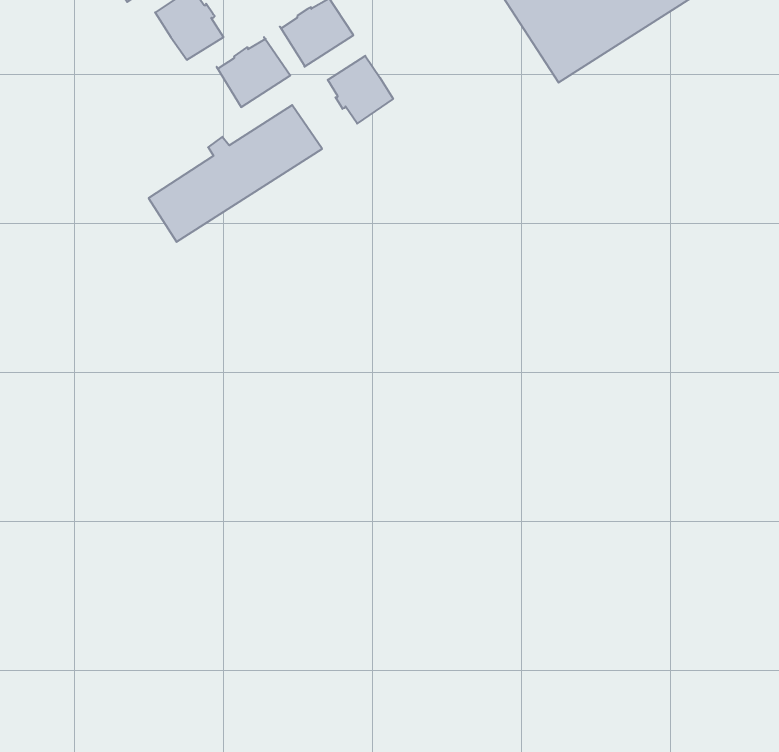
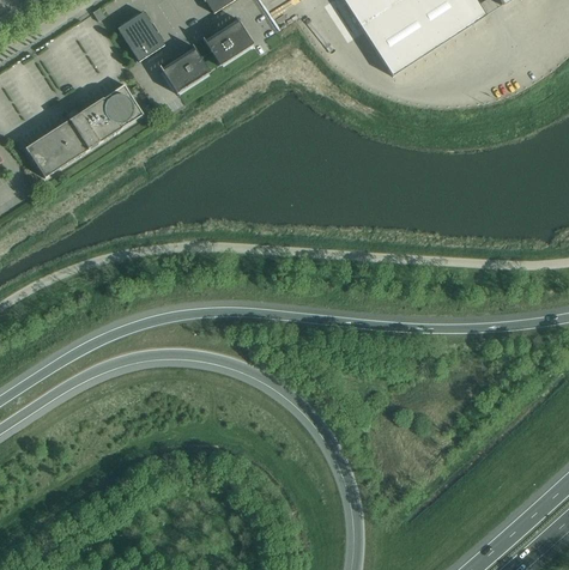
building: [328,56,393,124] -> none
building: [149,105,322,242] -> [25,83,144,176]

